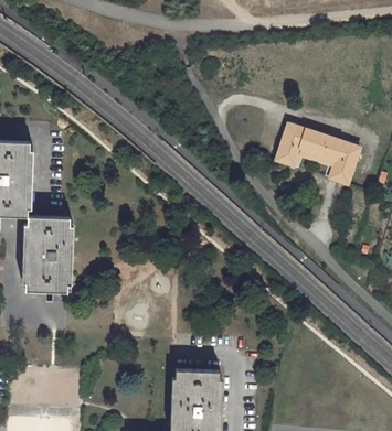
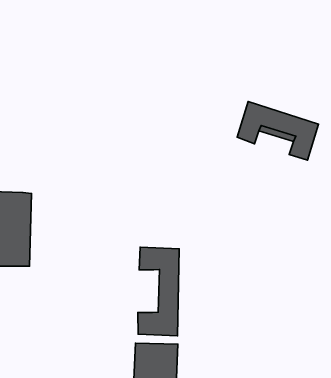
building: none -> [138,247,179,336]

